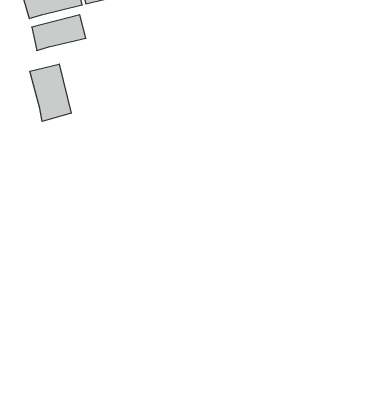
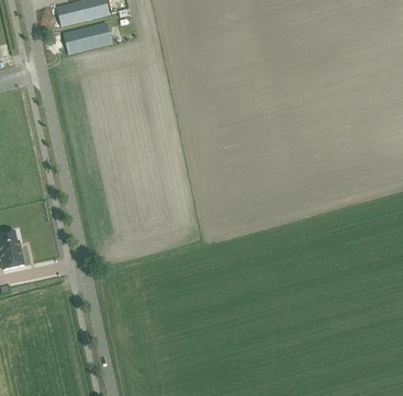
building: [30,64,71,121] -> none

